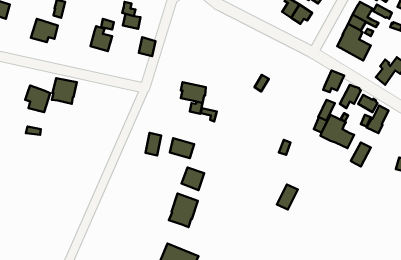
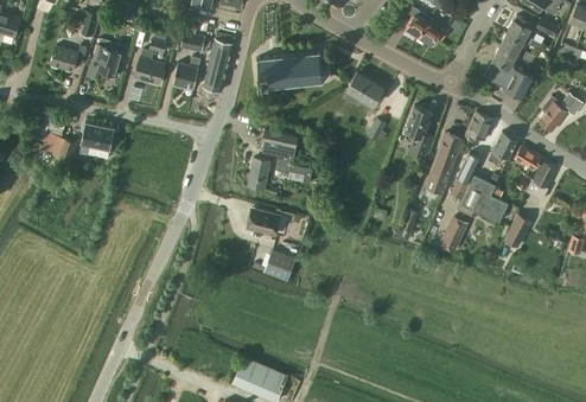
building: none -> [208,32,235,70]
building: none -> [94,38,125,77]
building: none -> [256,52,330,88]
building: none -> [173,57,200,88]
building: none -> [346,72,383,107]
building: none -> [405,106,433,158]
building: none -> [425,133,463,193]
building: [145,133,161,155] -> [248,158,270,190]
building: [277,184,298,210] -> [439,216,469,251]
building: [169,194,198,227] -> none

